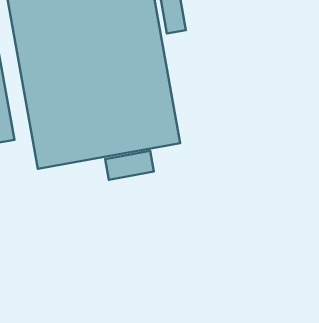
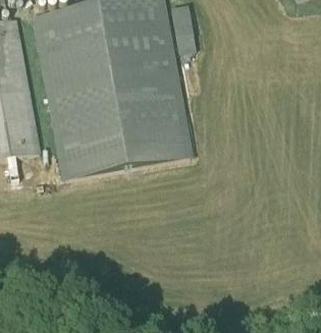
building: [105,151,154,180] -> none

